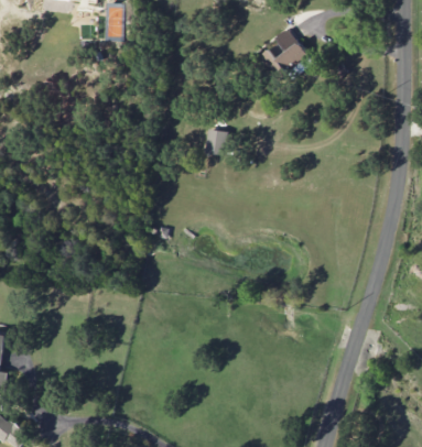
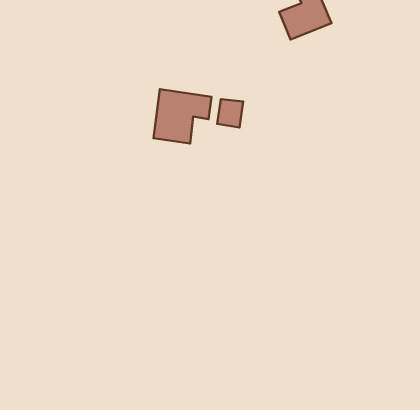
building: none -> [154,89,211,143]

